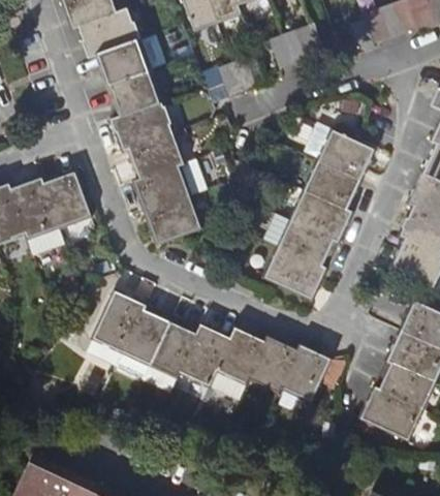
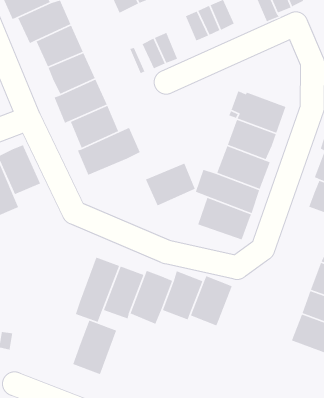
building: [144,197,200,245] -> [145,163,196,207]
building: [92,290,146,354] -> [72,320,117,375]
building: [280,345,331,403] -> none

